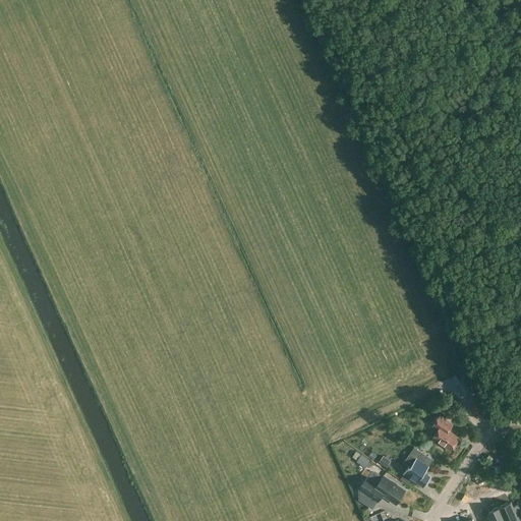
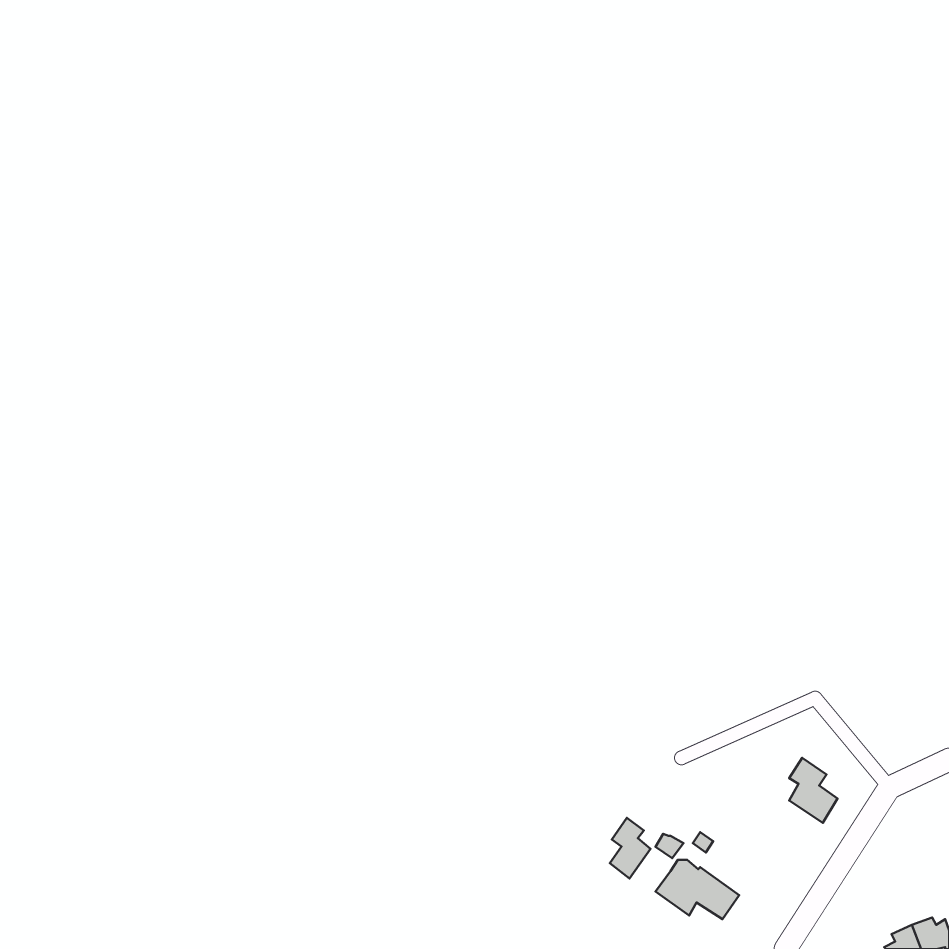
building: [403,447,433,487] -> none
building: none -> [610,818,650,878]

